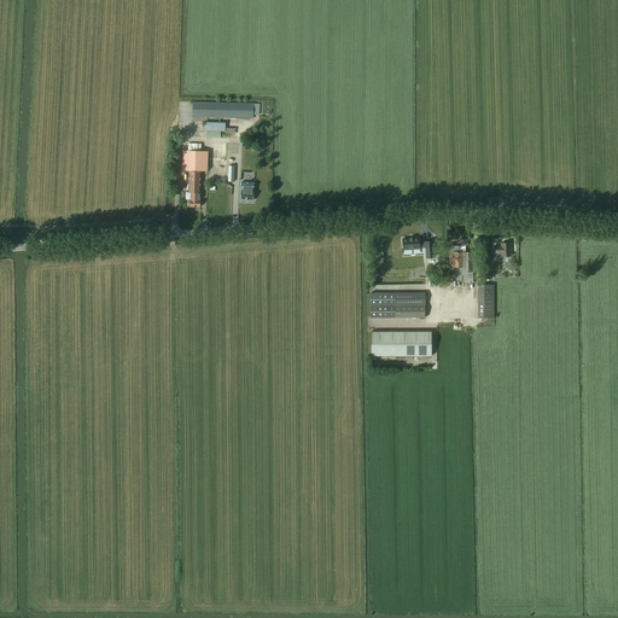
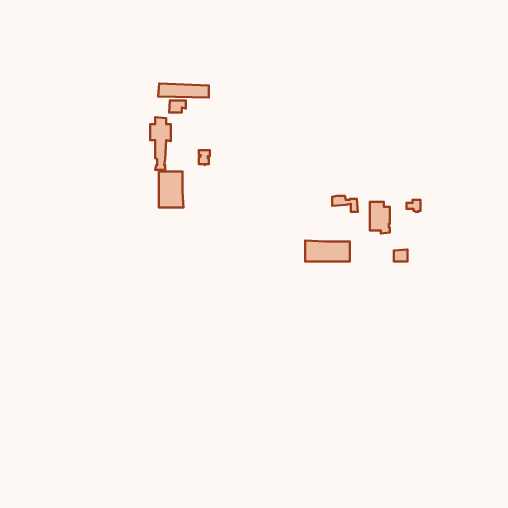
building: none -> [159,172,184,207]
building: [372,331,432,356] -> none

